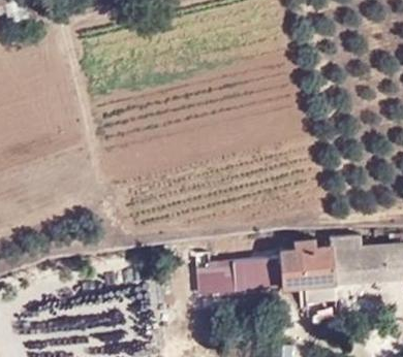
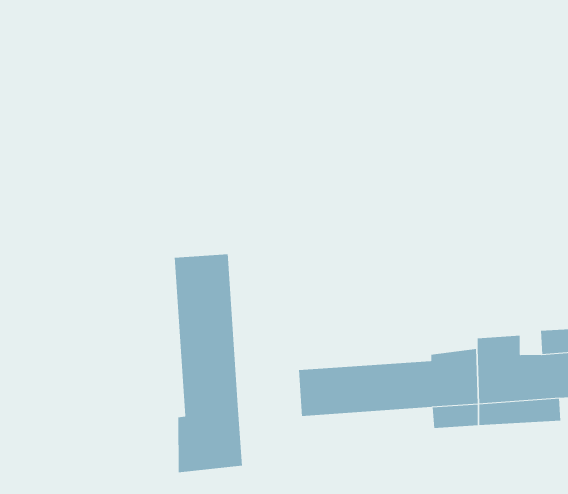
building: none -> [174,253,243,473]

